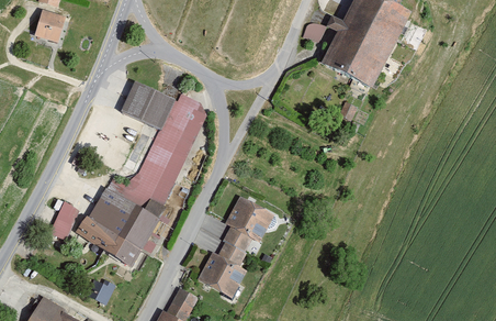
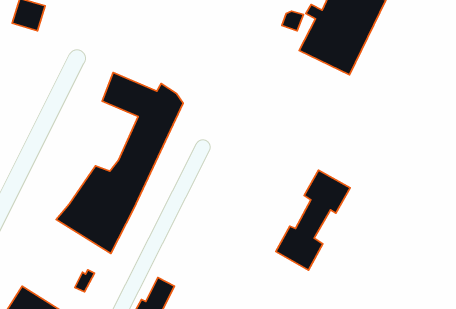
building: [198,197,272,297] -> [276,170,350,270]
building: [50,201,78,240] -> none

